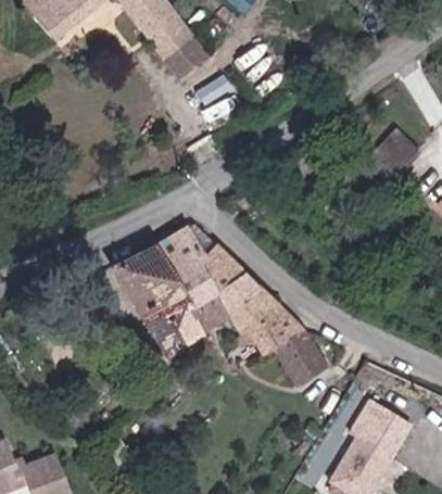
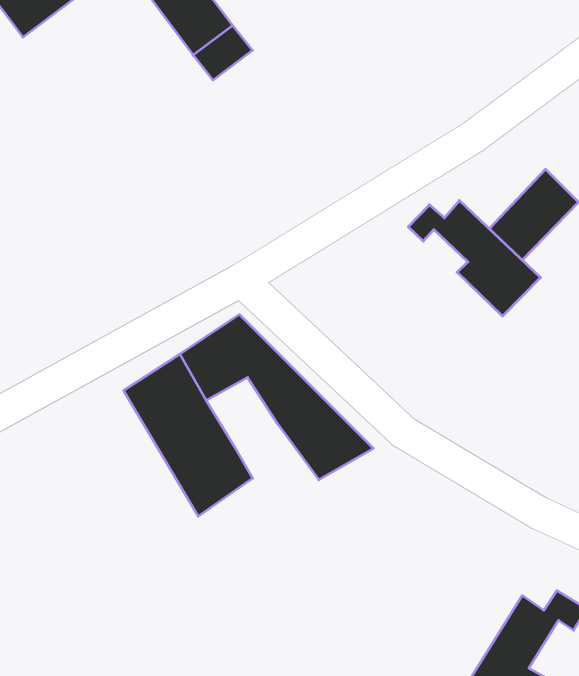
building: none -> [408,200,541,316]
building: [171,263,217,308] -> none
building: [244,309,329,384] -> none

